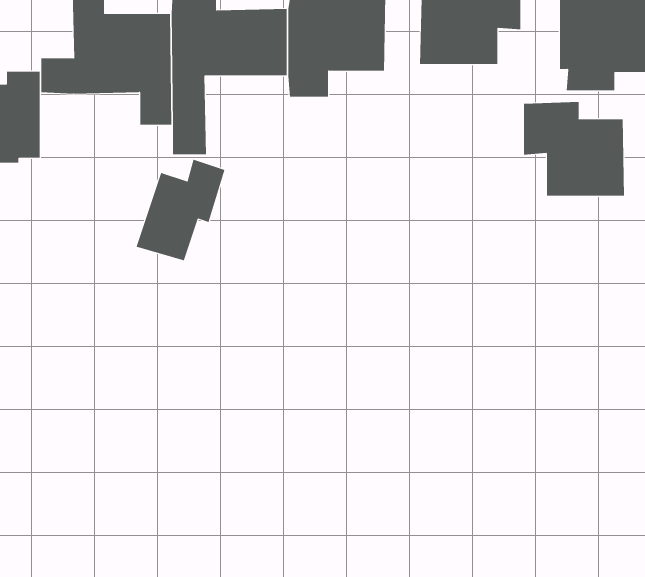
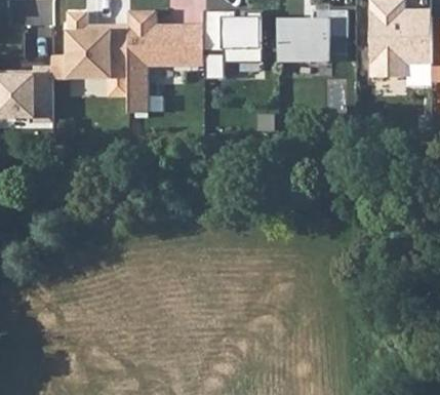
building: [524,101,625,196] -> none
building: [136,159,225,261] -> none

